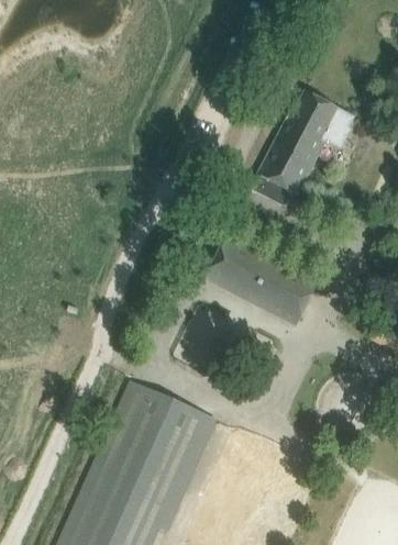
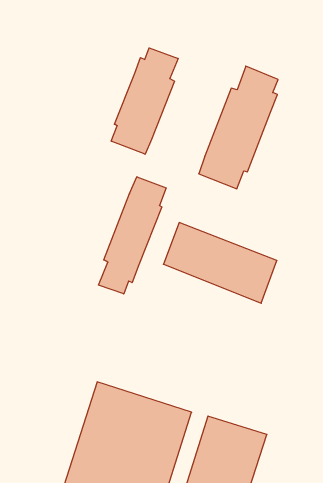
building: none -> [111,48,178,154]
building: none -> [99,177,166,294]

